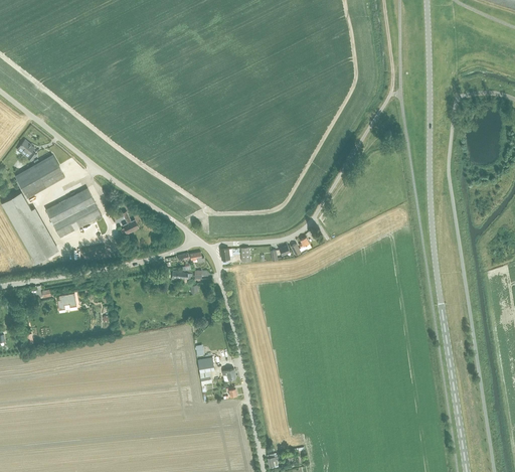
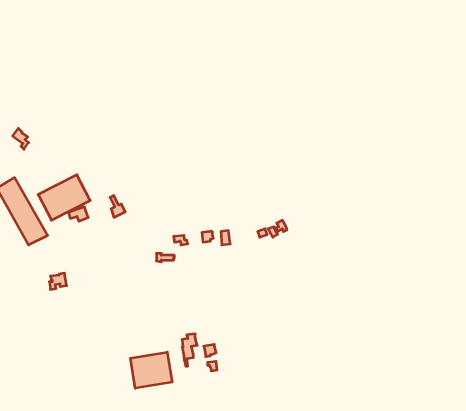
building: [15,155,64,197] -> none
building: none -> [130,352,172,388]

